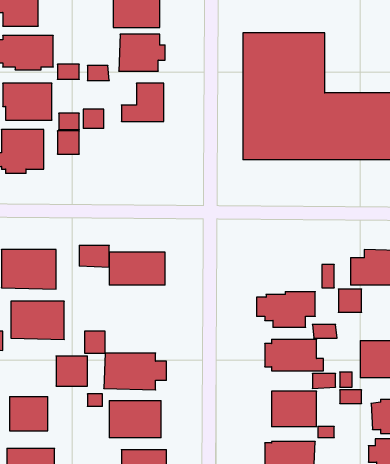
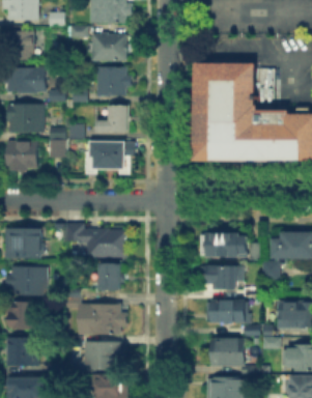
building: none -> [86,140,135,174]
building: none -> [200,232,248,256]
building: none -> [98,268,125,291]
building: [56,356,87,386] -> [13,307,37,330]

